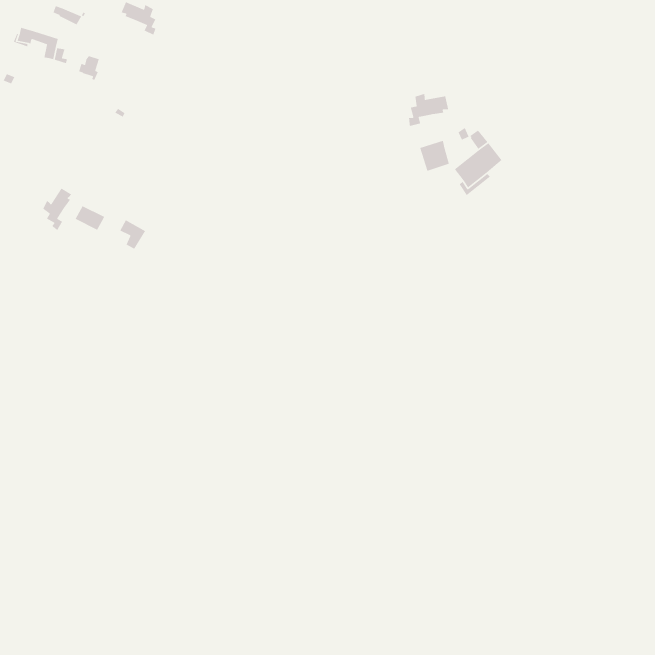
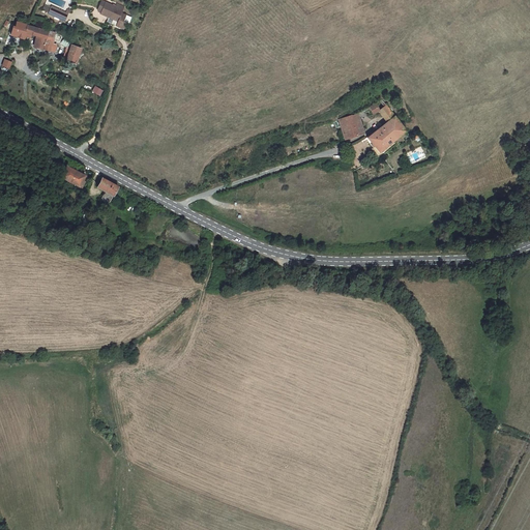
building: [408,93,449,127] -> none
building: [42,187,72,231] -> none

